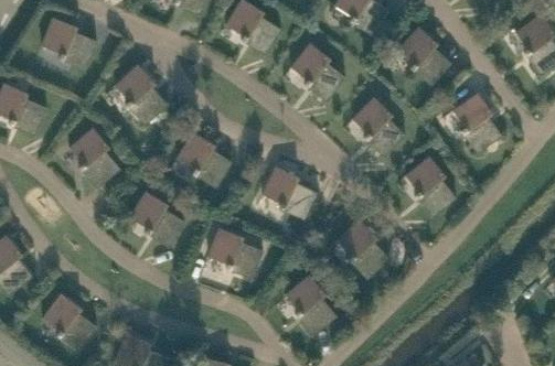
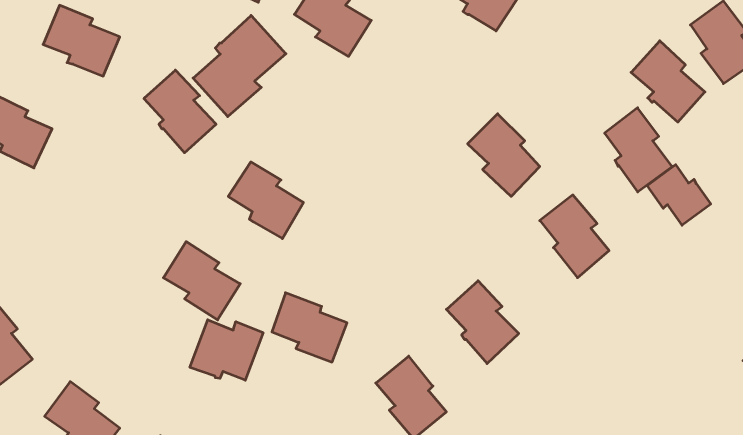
building: none -> [193,15,286,117]
building: [396,25,450,85] -> [631,41,705,122]
building: [289,42,344,100] -> none
building: [67,127,119,187] -> none
building: none -> [647,165,711,225]
building: [260,165,317,219] -> none
building: none -> [190,320,263,380]

